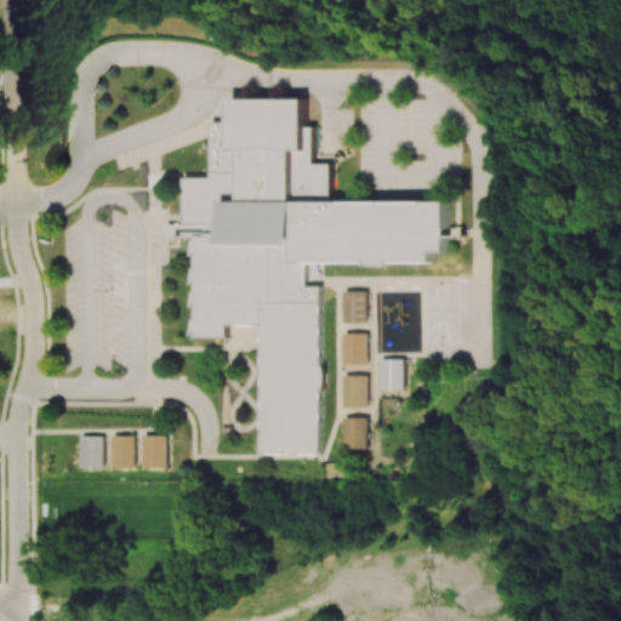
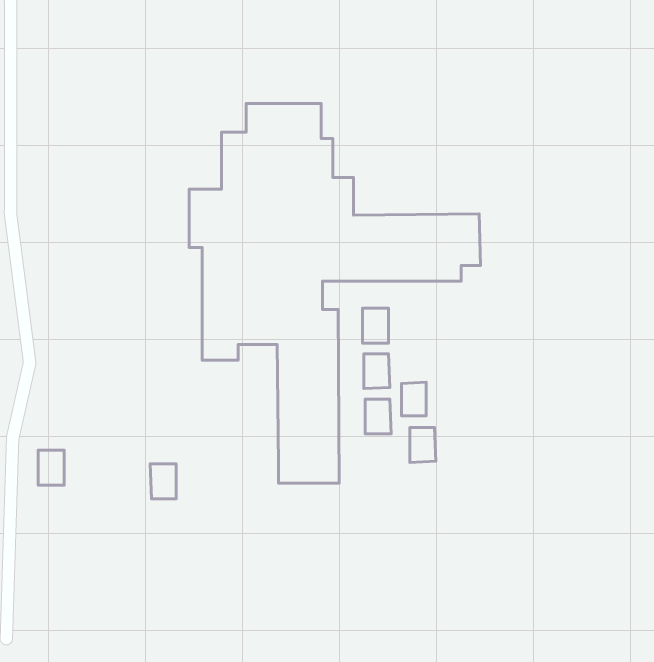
building: [342,418,366,451] -> [410,428,436,463]
building: [109,433,133,466] -> none
building: [75,435,99,468] -> [38,450,64,485]

